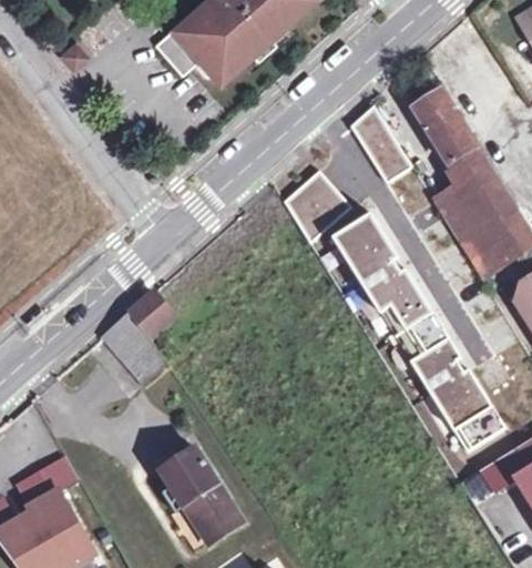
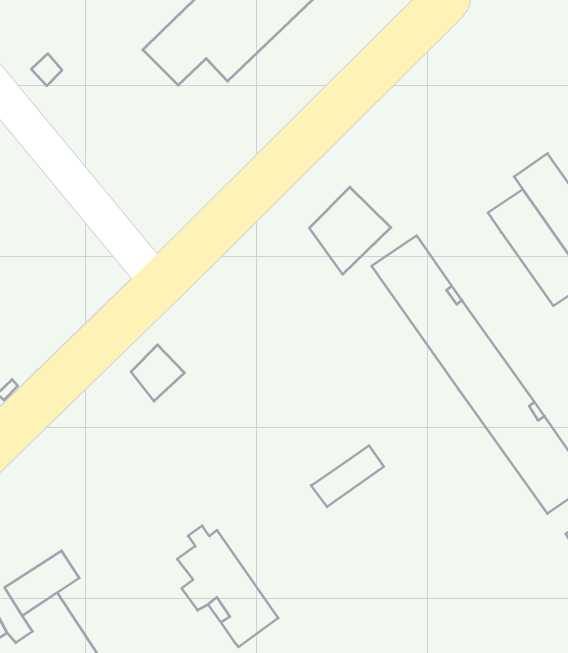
building: [419,90,480,162] -> none
building: [351,105,412,183] -> none
building: [105,314,168,388] -> none
building: none -> [311,446,384,507]

